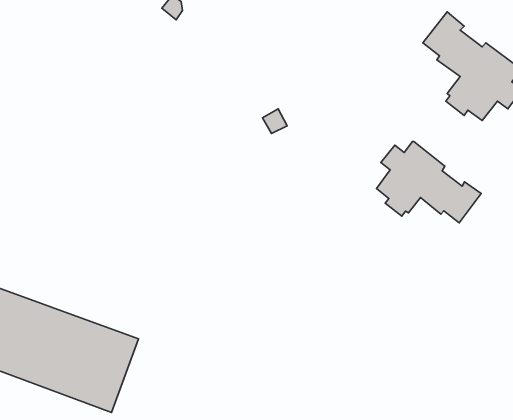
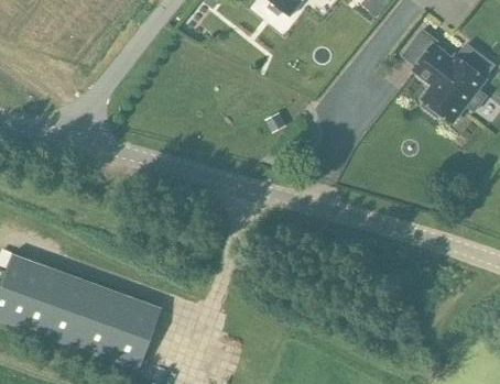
building: [376,141,481,223] -> none

